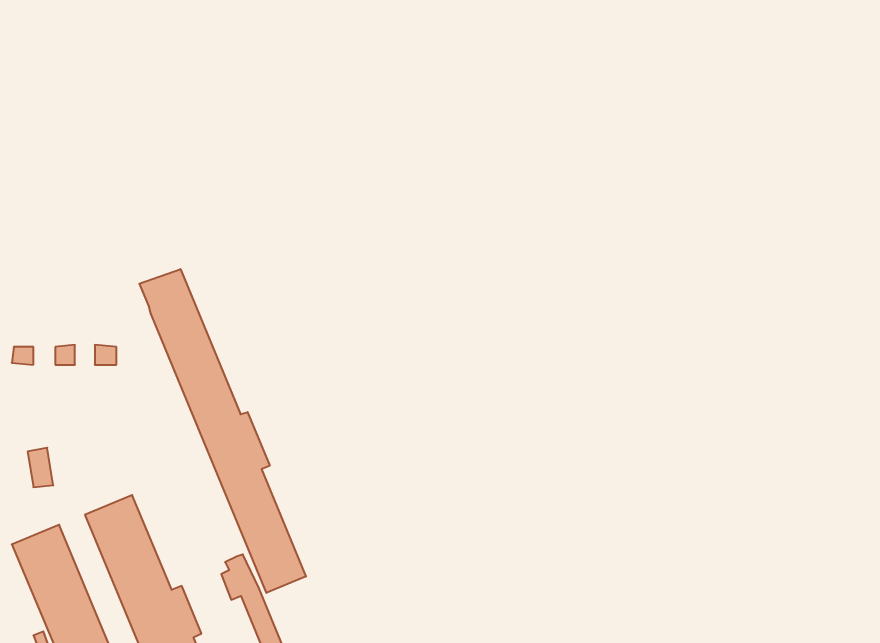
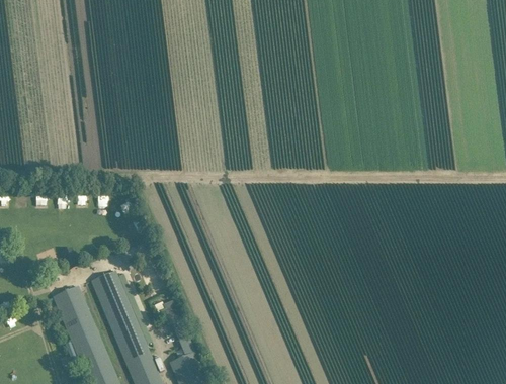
building: [139,269,306,593] -> none

